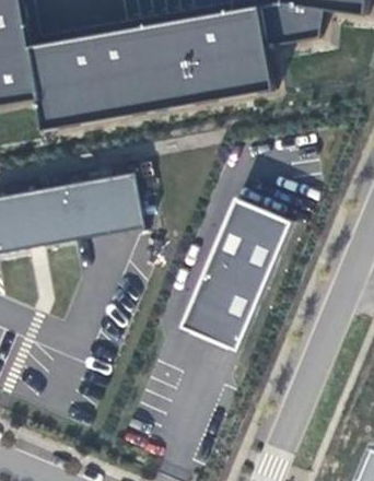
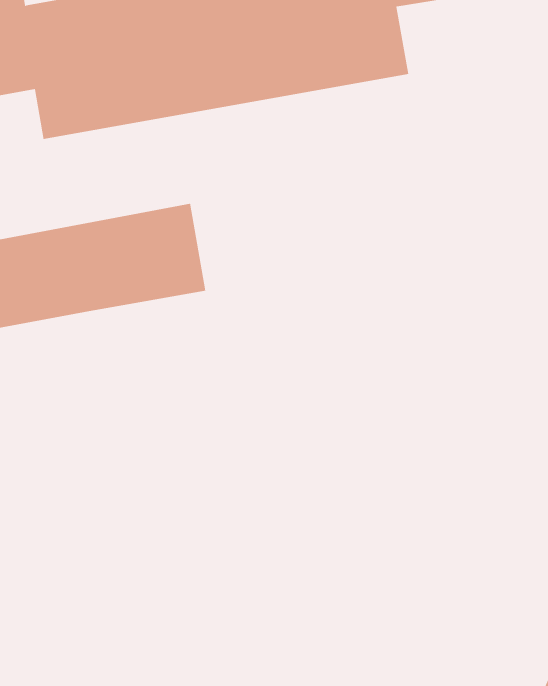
building: [183,193,292,347] -> none

